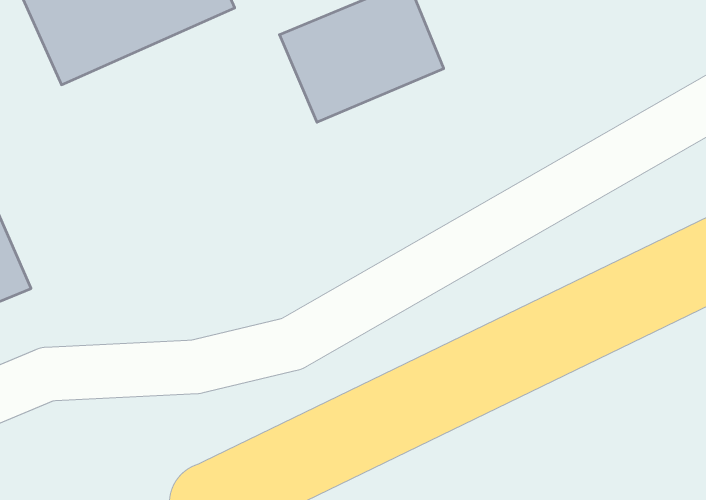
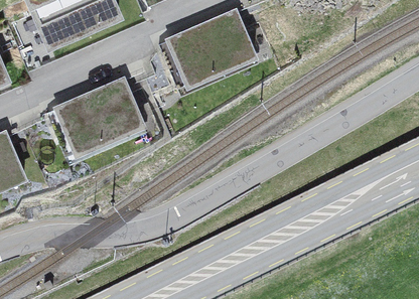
building: none -> [46,72,147,154]

